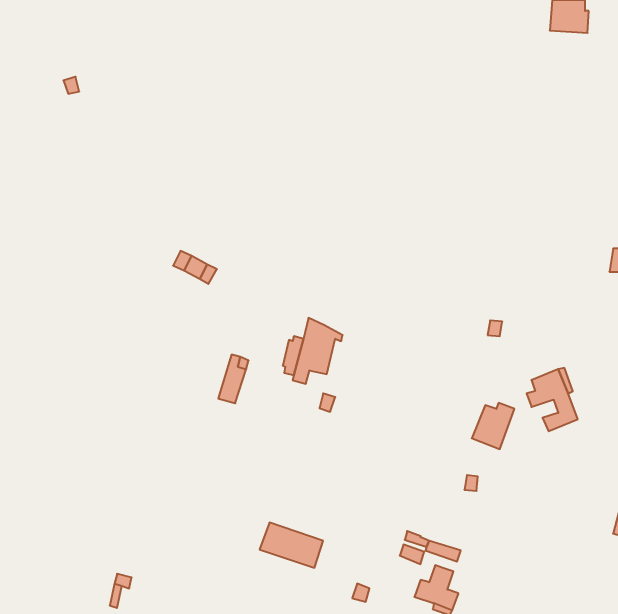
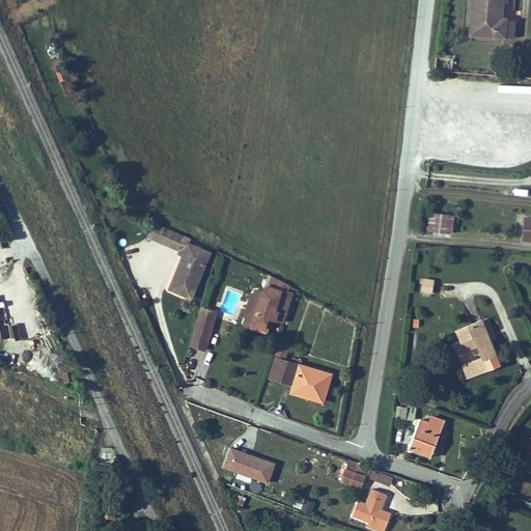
building: none -> [429,215,454,234]
building: none -> [170,245,211,299]
building: [472,403,514,449] -> [406,416,442,455]
building: none -> [269,358,330,401]

